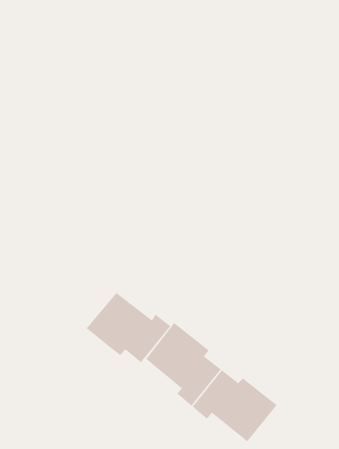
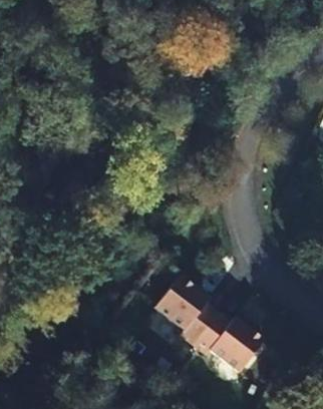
building: [86,292,171,363] -> none

